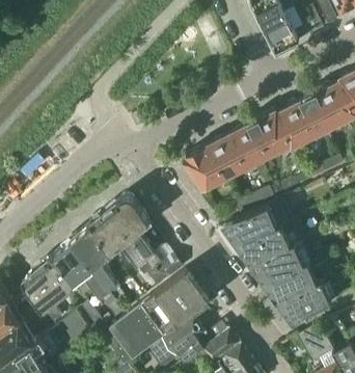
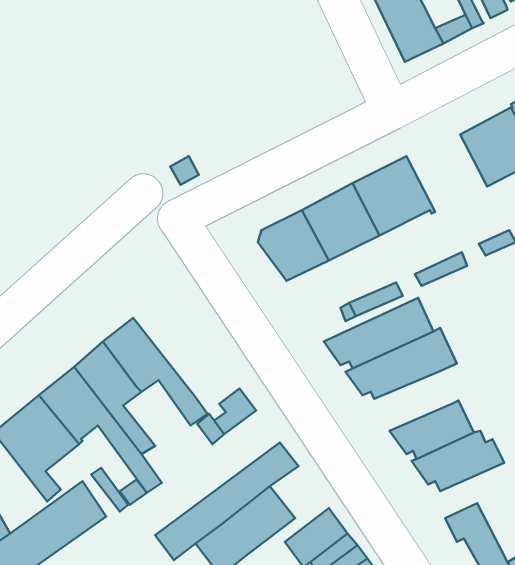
building: [277,98,326,145] -> none
building: [108,197,155,260] -> none
building: [252,244,304,279] -> none
building: [109,271,198,345] -> none

